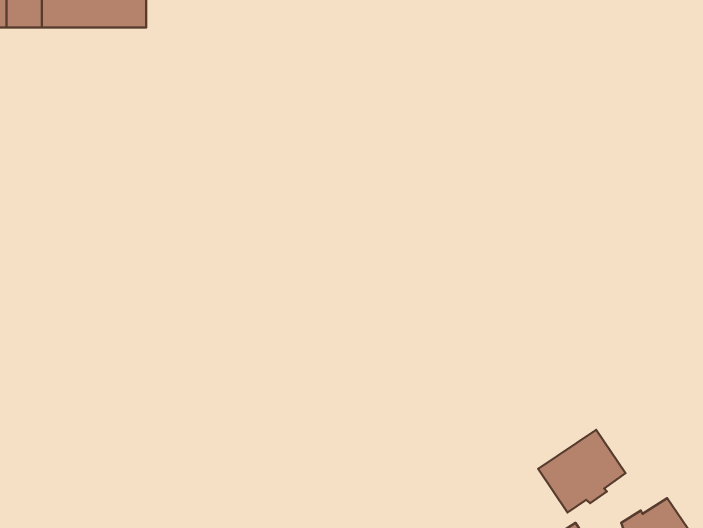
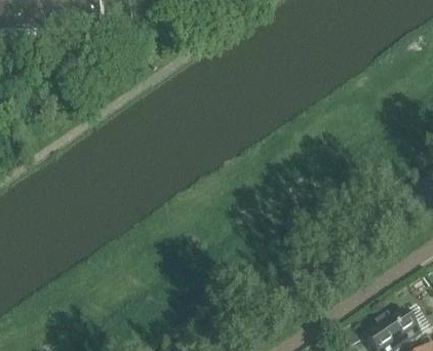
building: [538,430,625,512] -> none

